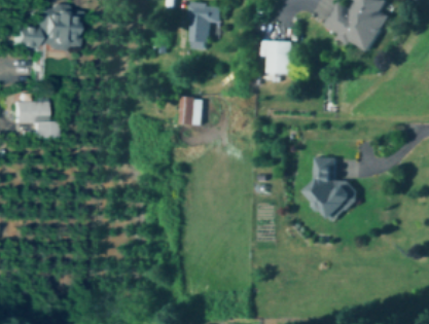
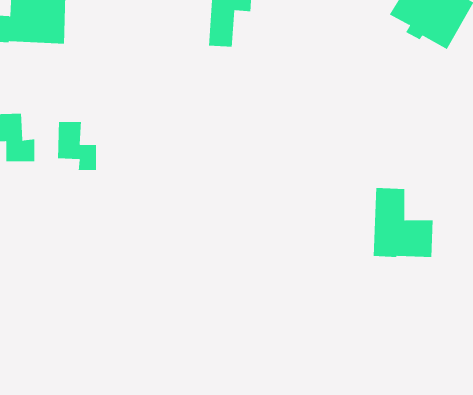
building: [266,41,293,74] -> none
building: [178,98,202,124] -> none
building: none -> [57,121,97,171]

